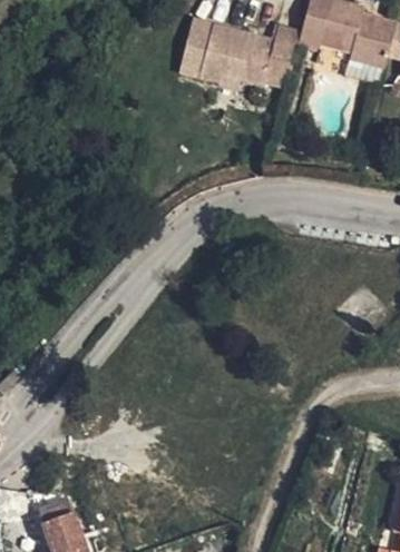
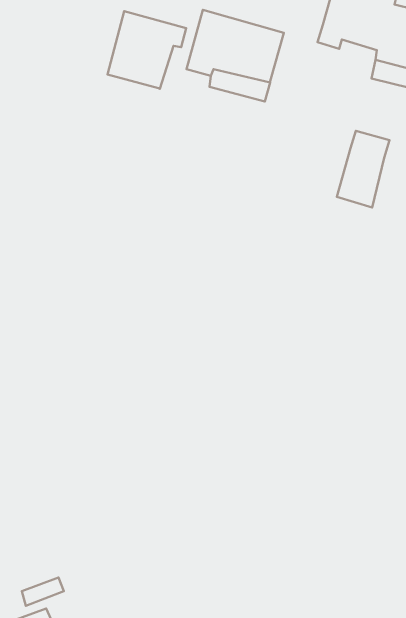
building: none -> [108,11,186,89]
building: [255,20,299,83] -> [337,131,390,208]

